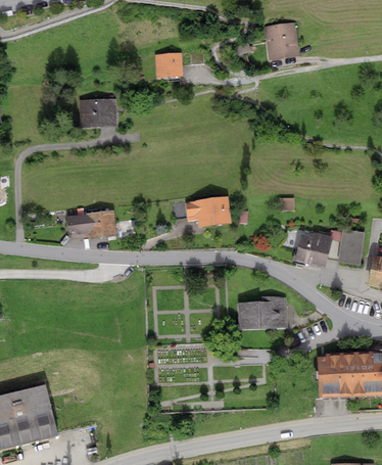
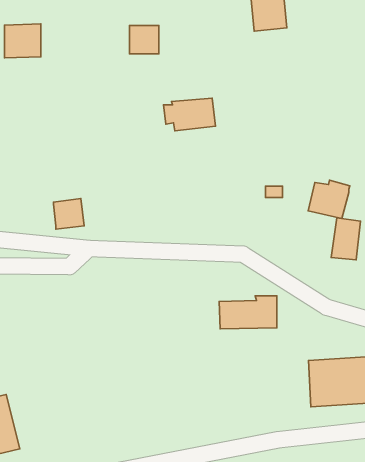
building: [80,97,112,128] -> [5,24,41,58]
building: [185,197,232,227] -> [163,98,216,131]
building: [66,214,90,235] -> none
building: [295,232,333,267] -> [308,180,350,219]

